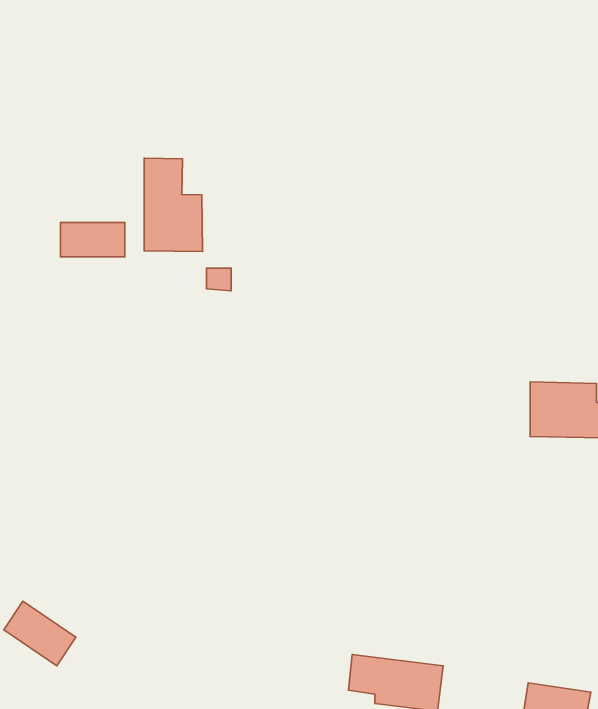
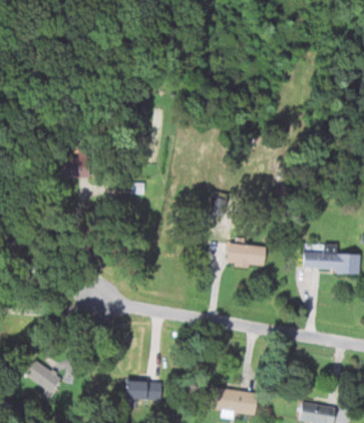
building: [144,158,203,252] -> none
building: none -> [226,243,265,268]
building: none -> [125,379,161,399]

